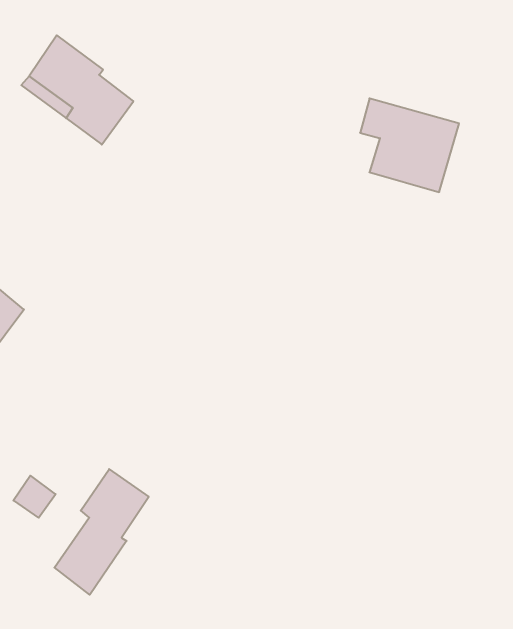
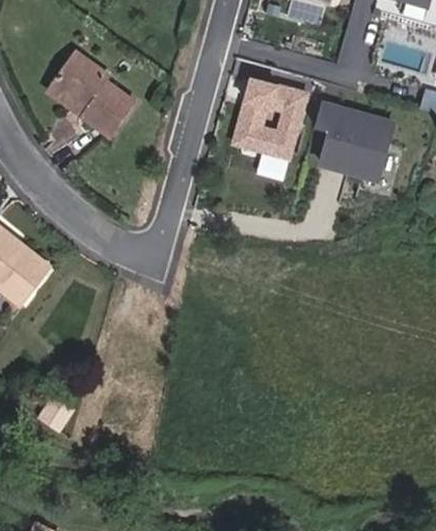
building: none -> [233,77,305,157]
building: [54,469,149,595] -> none

